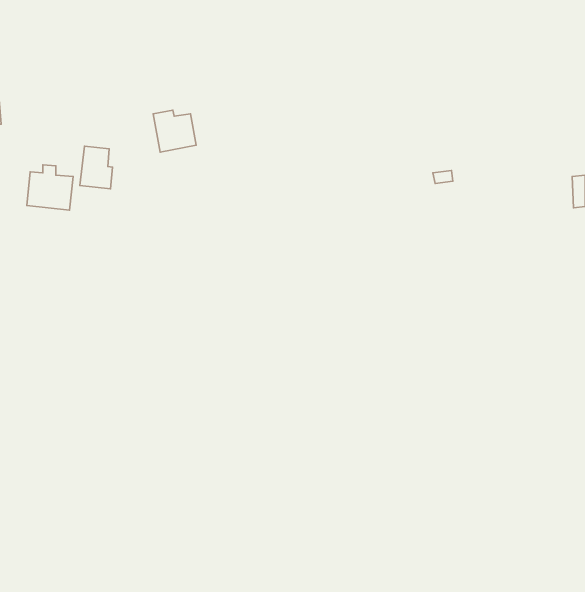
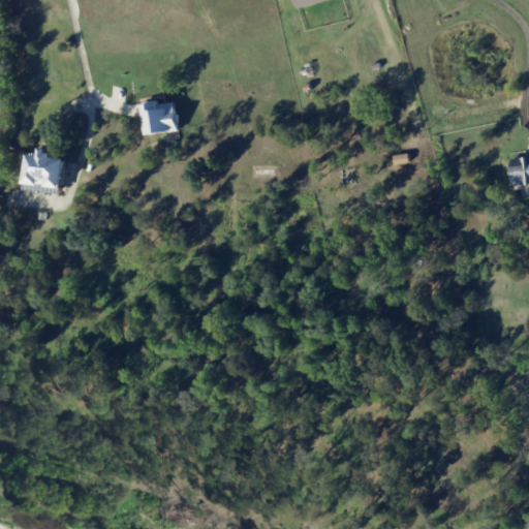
building: [80,146,113,189] -> none

